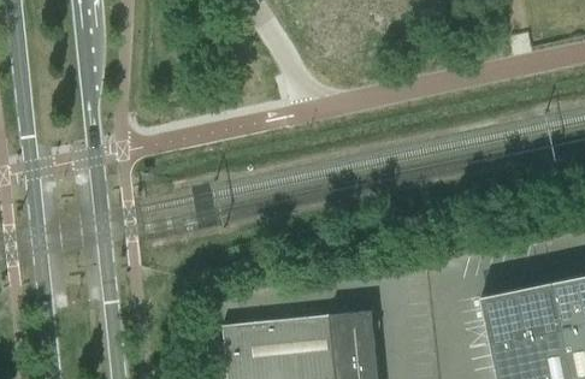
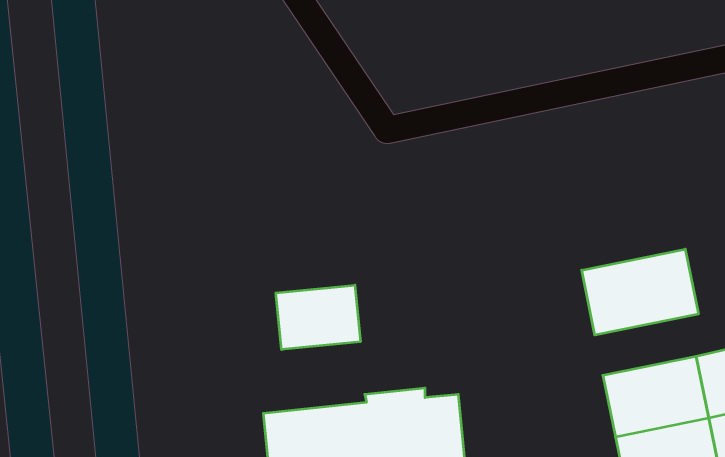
building: none -> [582,249,698,335]
building: none -> [276,285,360,350]

